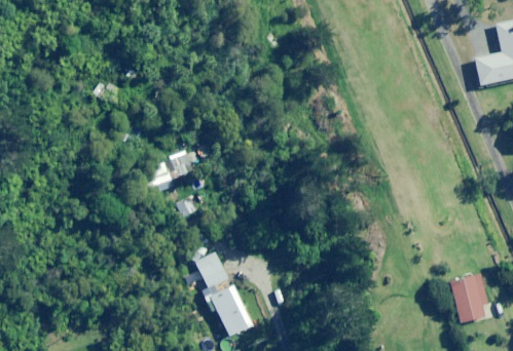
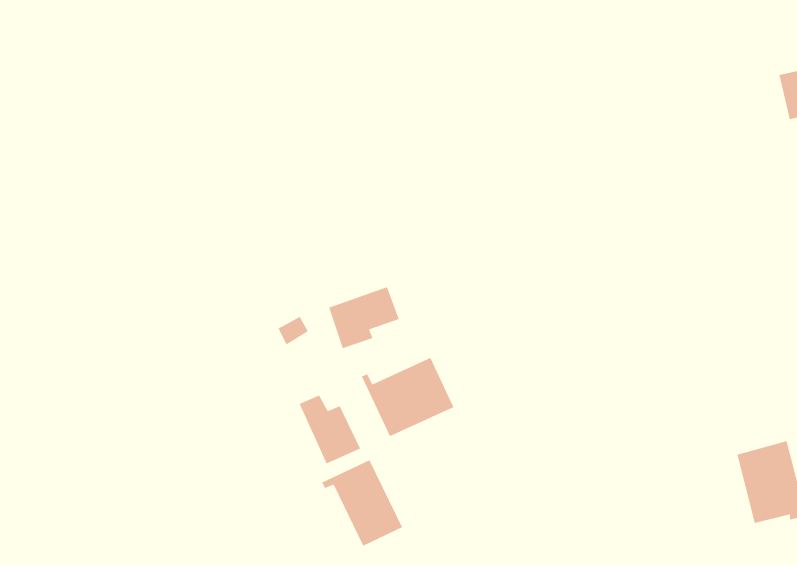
building: [154,153,196,190] -> [328,286,400,349]
building: none -> [361,357,454,437]

